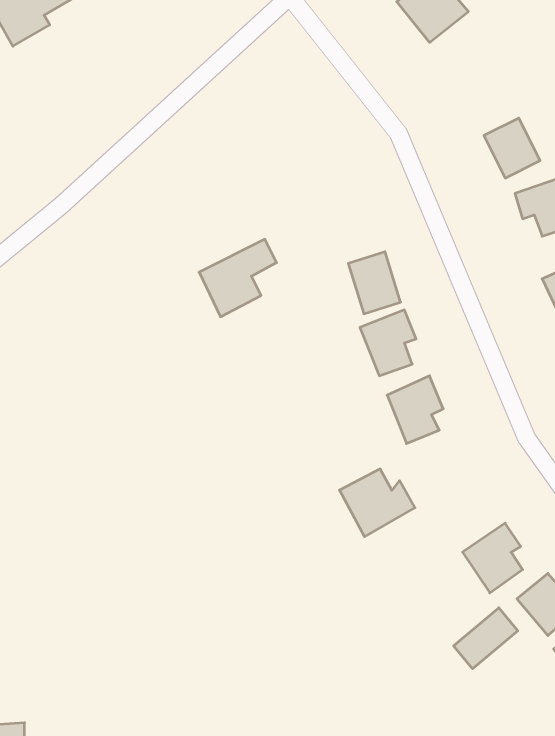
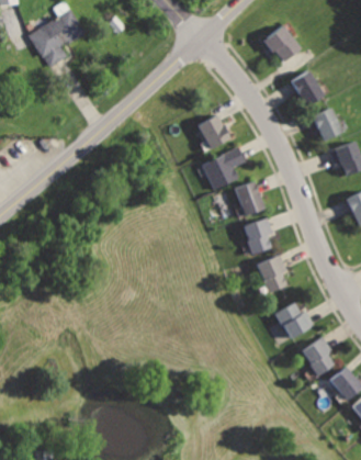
building: none -> [290,69,326,108]
building: none -> [198,113,232,148]
building: [199,239,277,317] -> [201,146,245,190]
building: [339,469,415,537] -> [274,303,317,341]
building: [454,608,518,669] -> none

